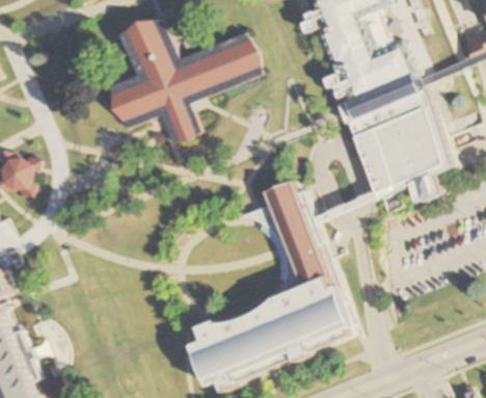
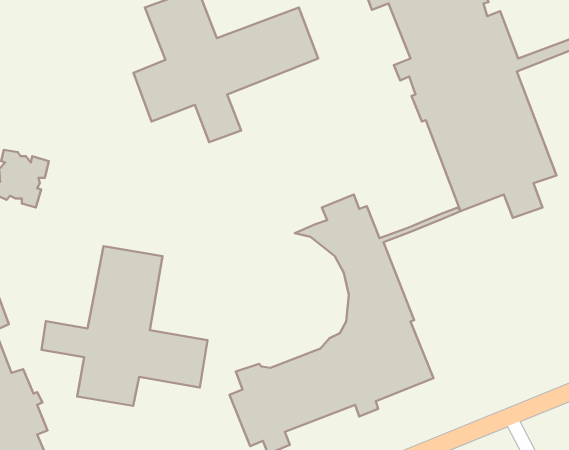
building: none -> [41,246,207,406]

